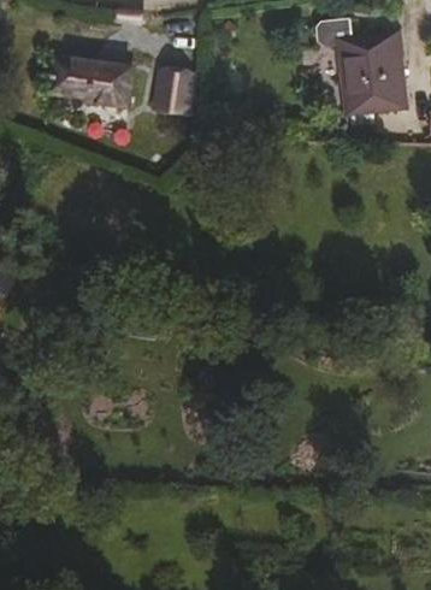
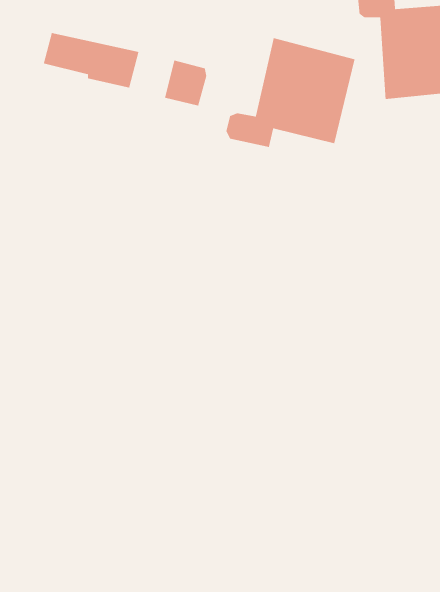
building: none -> [226,37,356,148]

